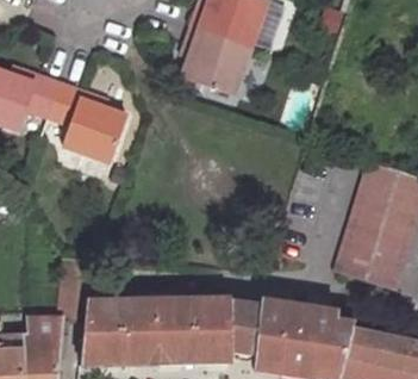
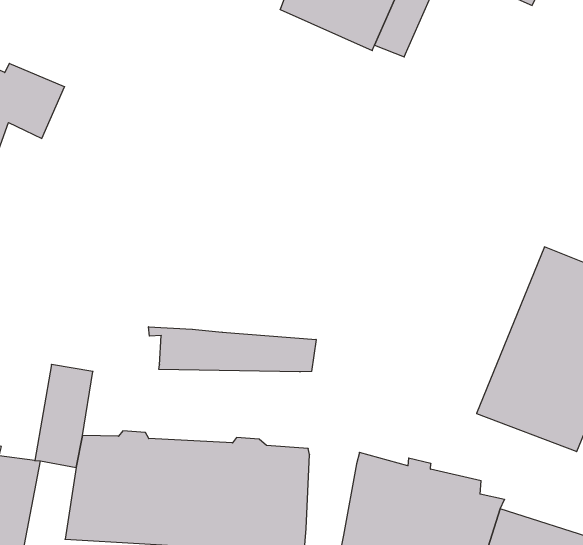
building: [183,26,251,97] -> none
building: [49,85,129,162] -> none
building: none -> [149,327,316,372]
building: [231,303,261,352] -> none

